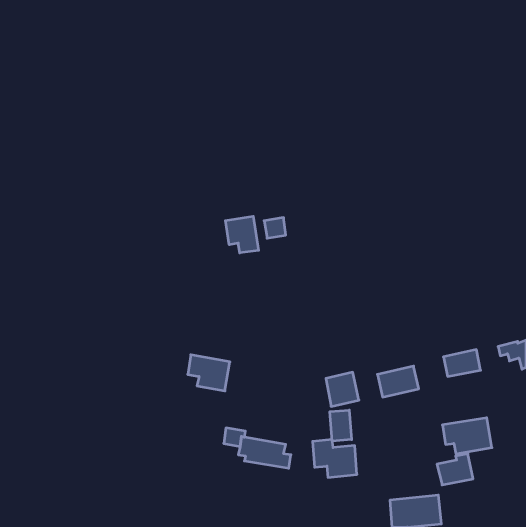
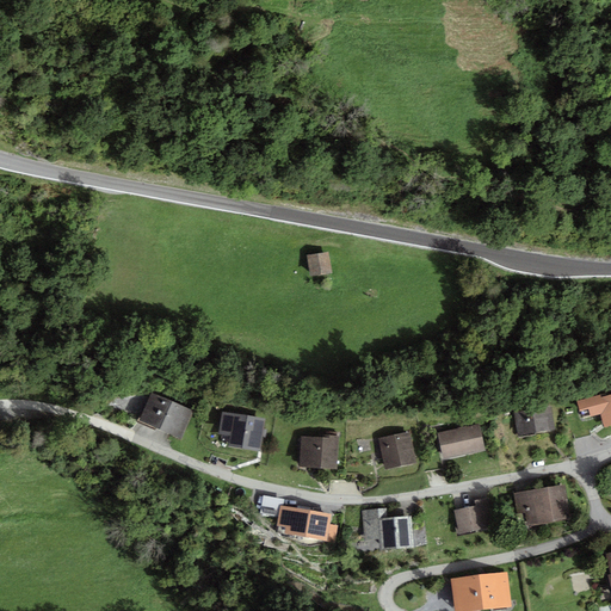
building: [225,216,259,253] -> none
building: none -> [138,394,192,439]
building: none -> [298,434,339,469]
building: [330,410,352,441] -> none
building: [437,454,473,485] -> [452,498,494,533]

